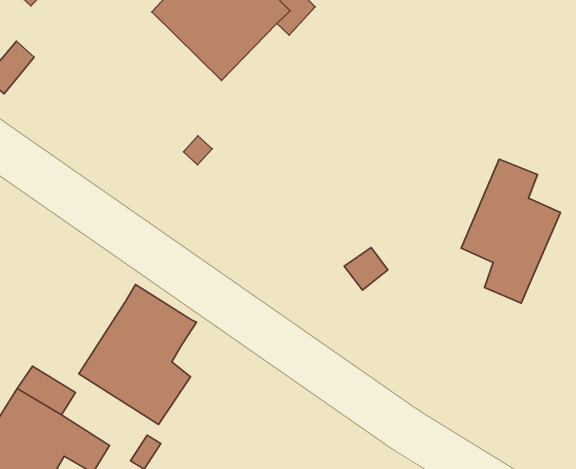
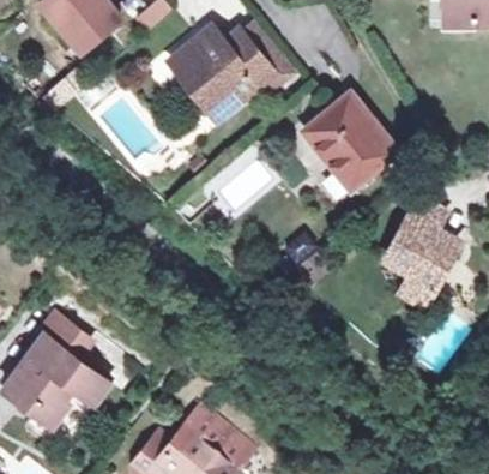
building: none -> [302,94,394,188]
building: [79,285,196,425] -> none

